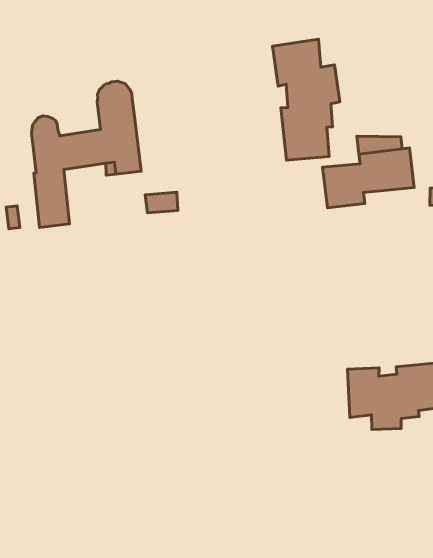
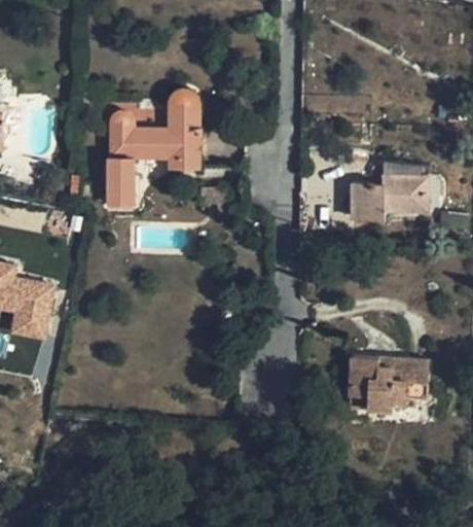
building: [272,39,340,160] -> none

